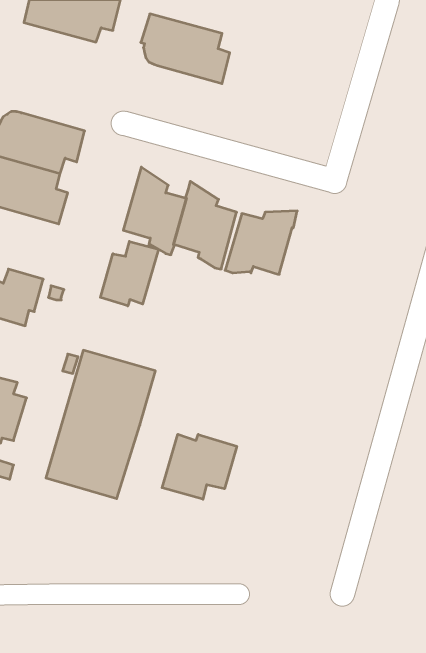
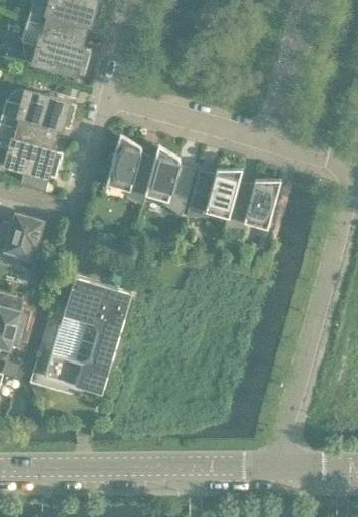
building: [141,14,230,84] -> [20,21,90,76]
building: none -> [224,180,279,229]
building: [100,241,158,306] -> none
building: [162,434,237,499] -> none

